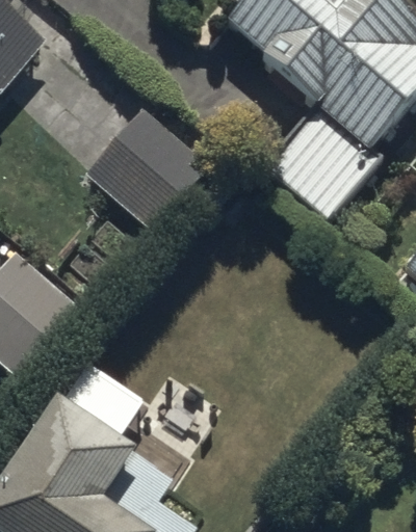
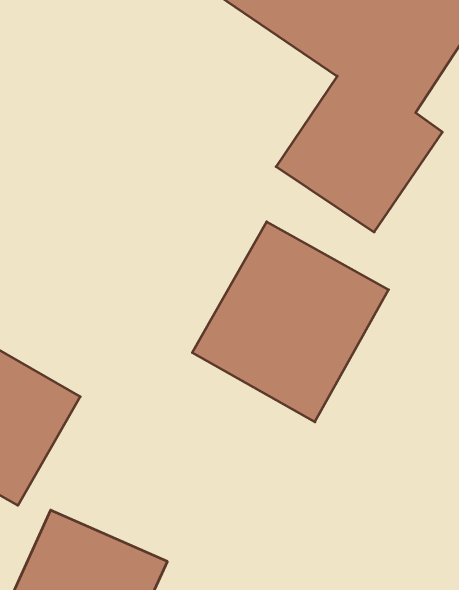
building: [85,110,209,233] -> none
building: none -> [192,222,389,422]

